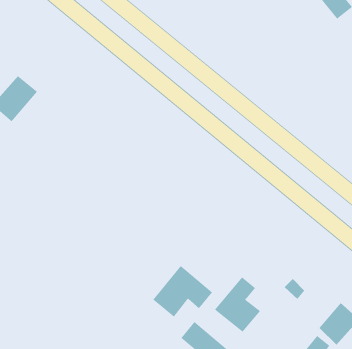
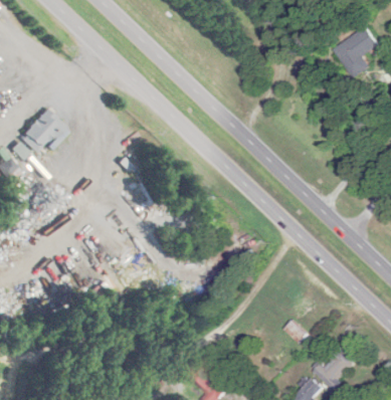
building: [153,265,213,318] -> none
building: [214,276,261,333] -> none

